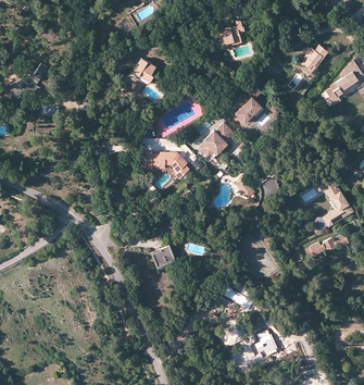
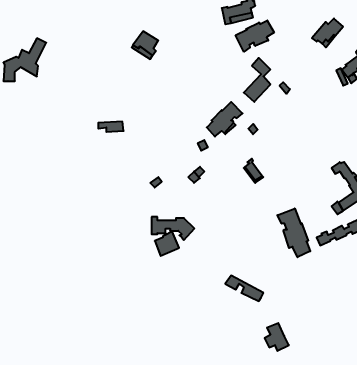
building: none -> [236,20,274,52]
building: [148,150,188,172] -> [152,217,194,240]
building: none -> [277,208,310,257]

